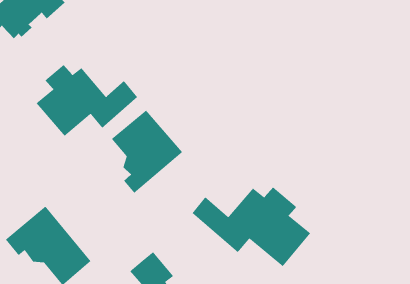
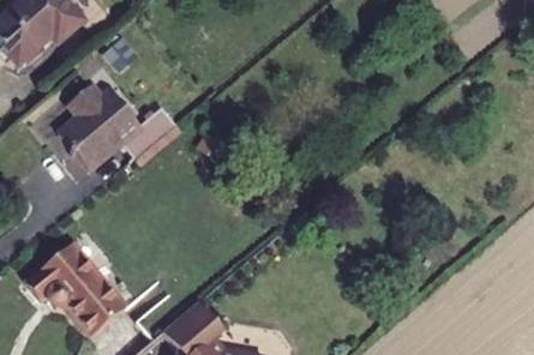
building: [111,109,183,194] -> none
building: [192,187,311,267] -> none

